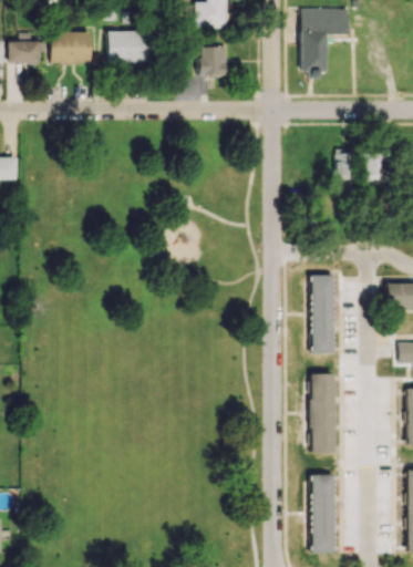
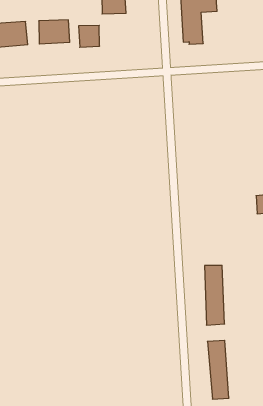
building: [199,47,227,75] -> [79,25,100,47]
building: [335,148,355,179] -> none
building: [365,152,384,182] -> none
building: [311,275,334,353] -> none

